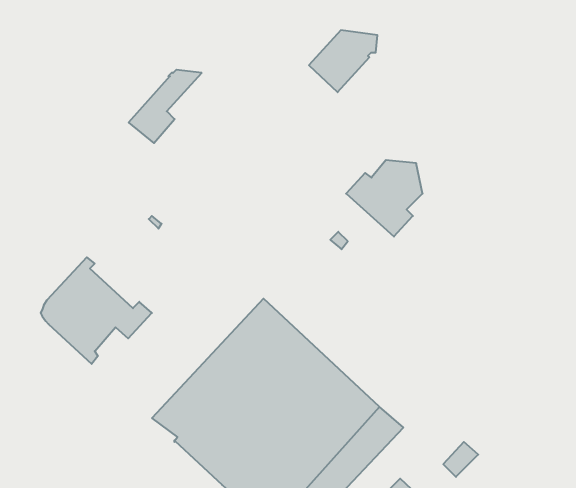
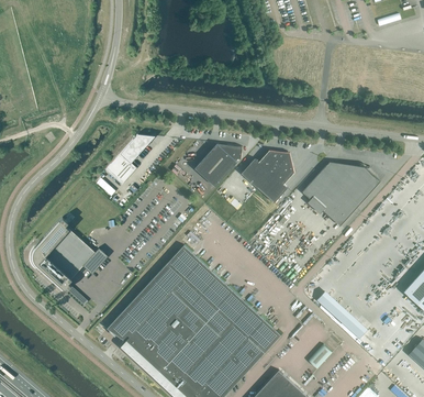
building: [309,30,377,92] -> [196,143,243,186]
building: [129,70,202,143] -> [104,133,155,184]
building: none -> [302,161,380,225]

